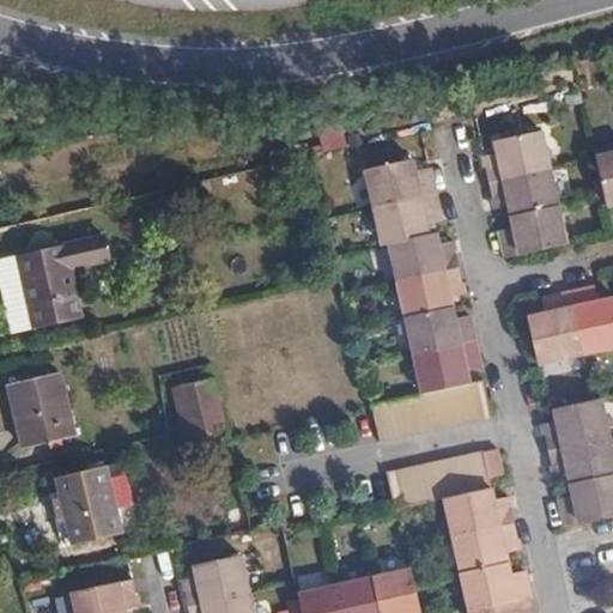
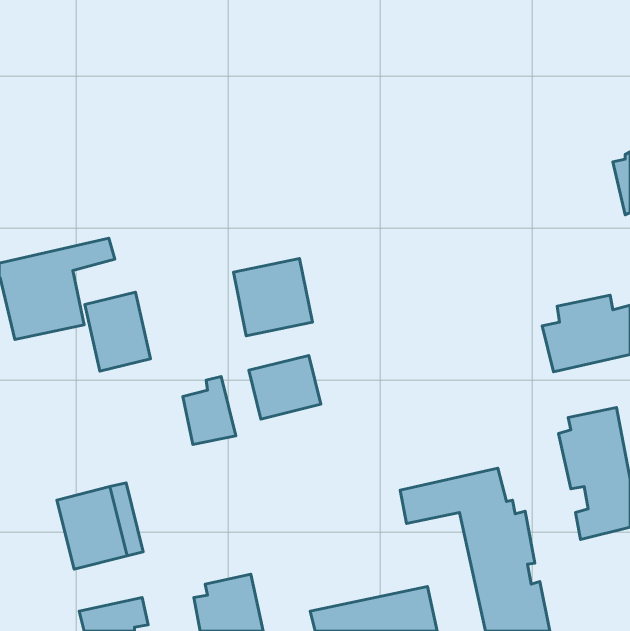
building: [481,135,564,261] -> none
building: [366,164,490,444] -> none
building: none -> [233,259,312,336]
building: none -> [249,355,321,419]
building: [6,370,69,447] -> [85,292,150,371]

